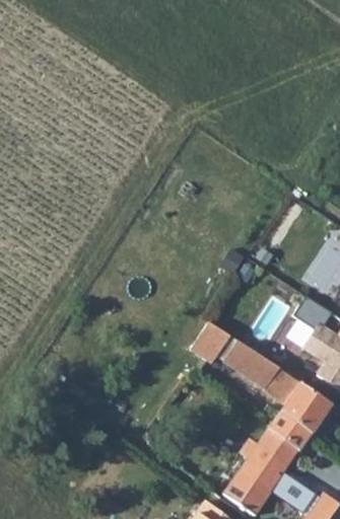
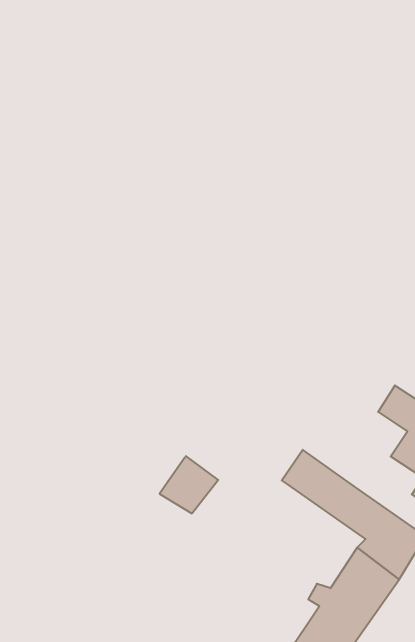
building: [189,319,231,361] -> [160,456,218,513]

